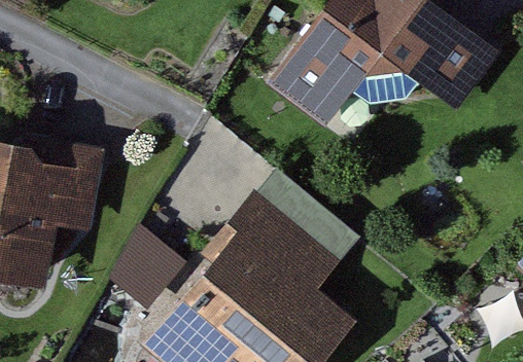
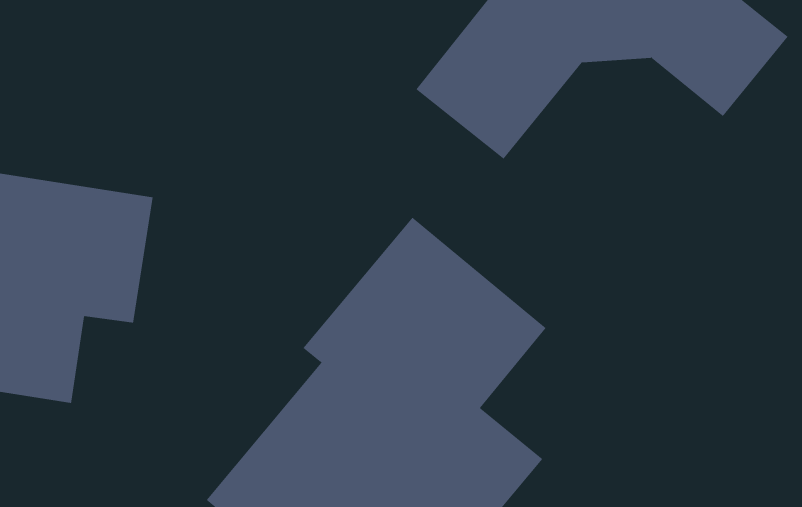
building: [101,228,178,313] -> none

